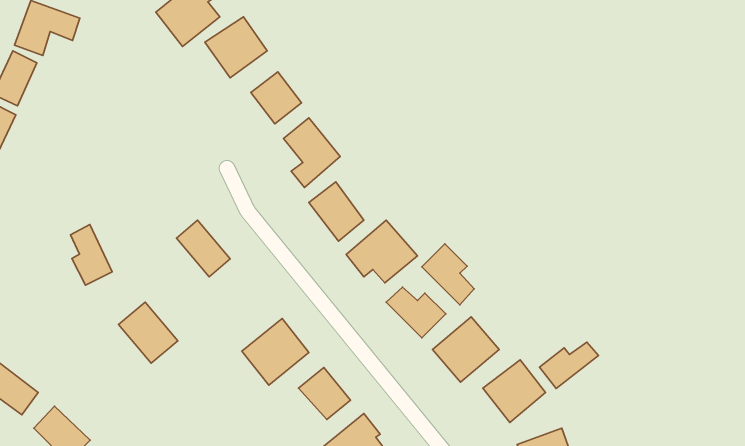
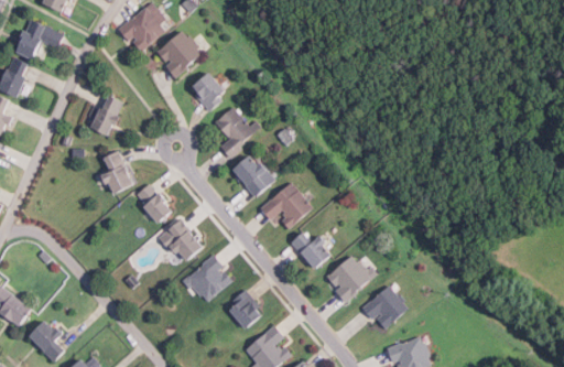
building: none -> [91,94,124,136]
building: [70,224,112,285] -> [102,150,133,195]
building: [422,244,474,305] -> none
building: [118,302,178,363] -> [160,218,204,263]
building: [539,342,599,389] -> none

